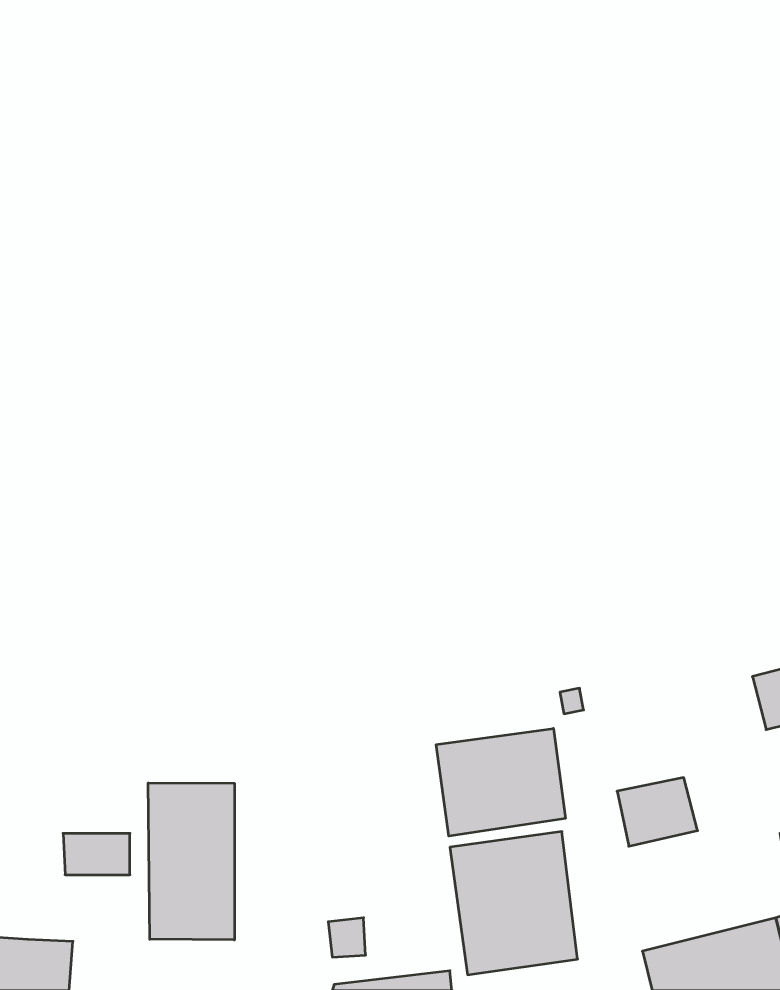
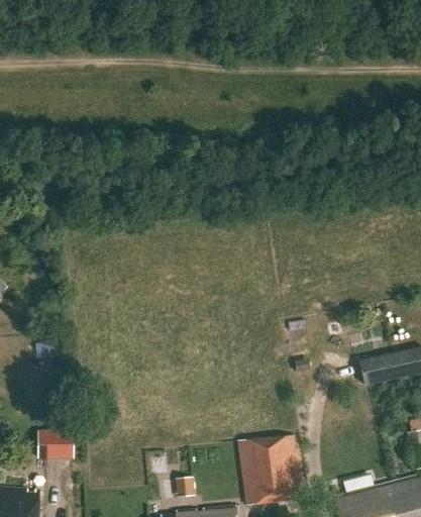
building: [436,728,565,836] -> none
building: [617,778,698,846] -> [357,354,399,390]
building: [148,783,234,940] -> none

